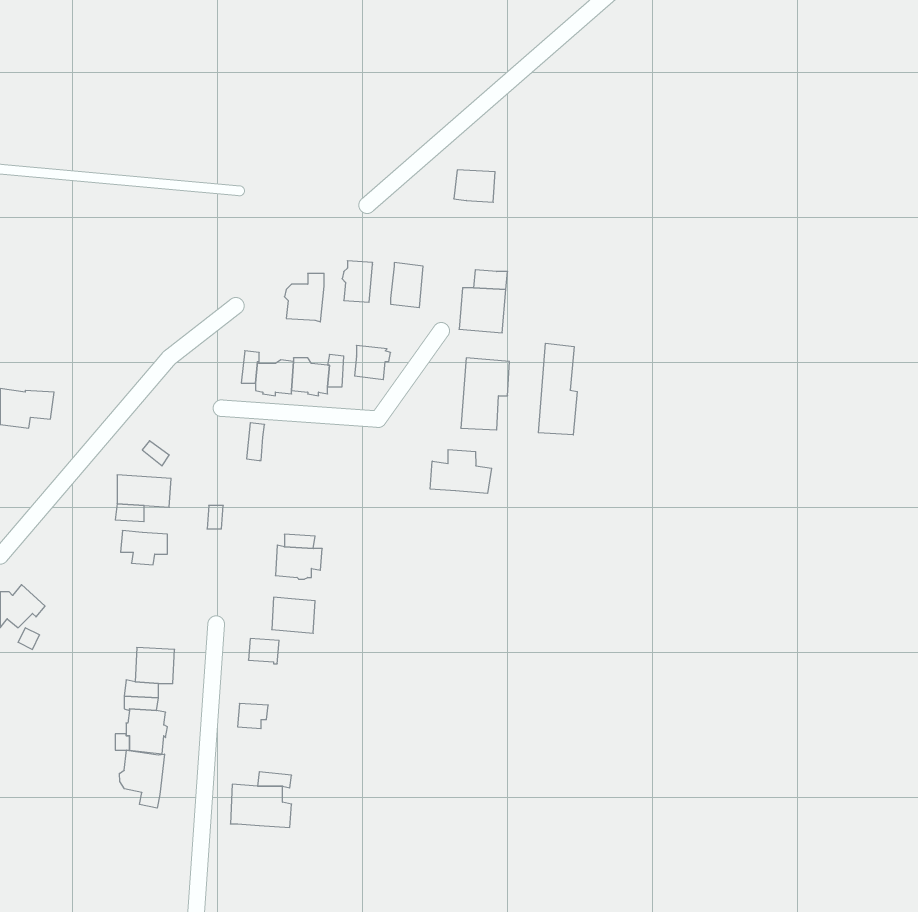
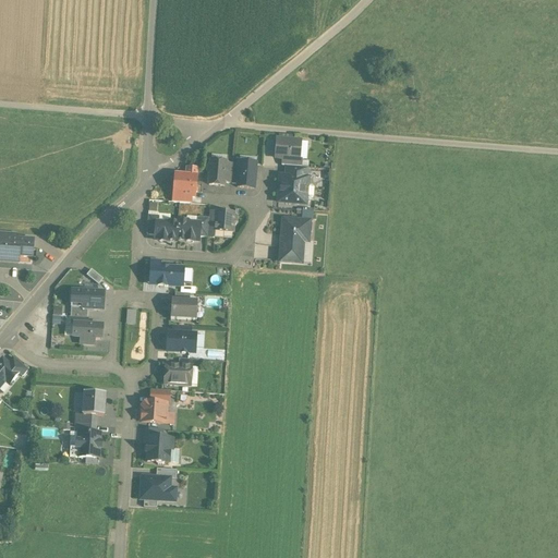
building: [454,170,495,202] -> [276,137,301,157]
building: [538,343,577,435] -> none
building: none -> [157,265,184,283]
building: [430,450,492,493] -> none
building: none -> [171,296,198,318]
building: none -> [142,400,167,421]
building: none -> [145,436,173,462]
building: [119,750,164,808] -> none

